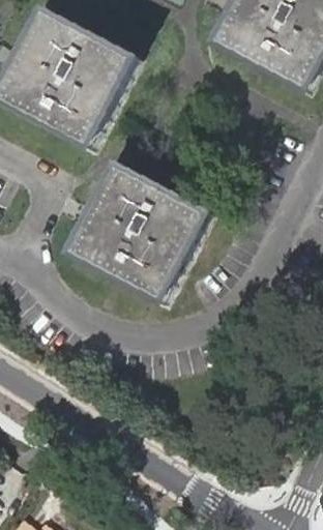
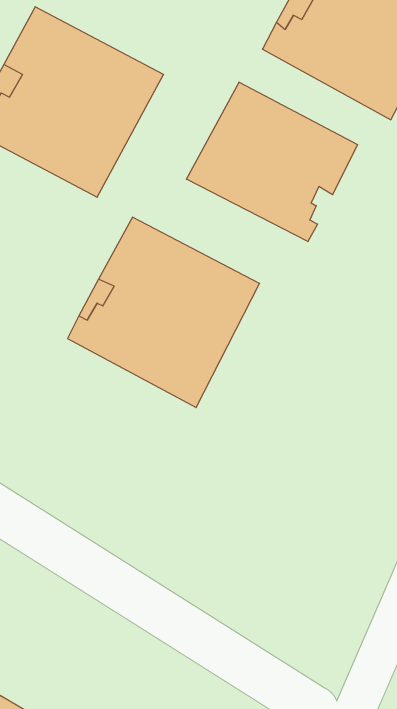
building: none -> [186,82,358,242]

